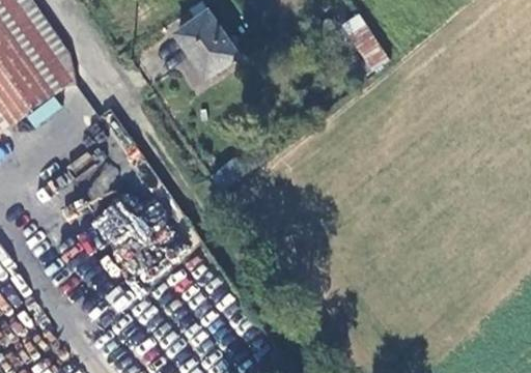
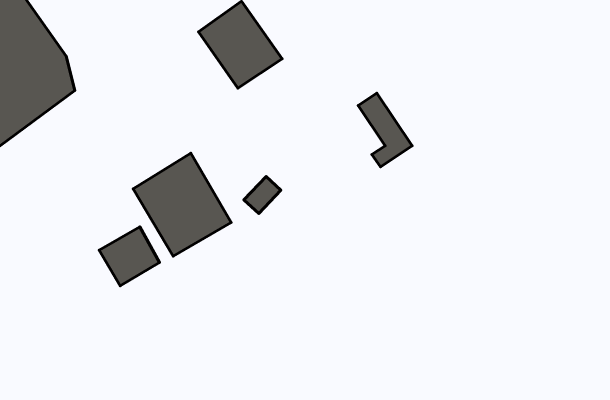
building: [340,13,386,76] -> [358,93,412,167]
building: none -> [133,153,231,256]

